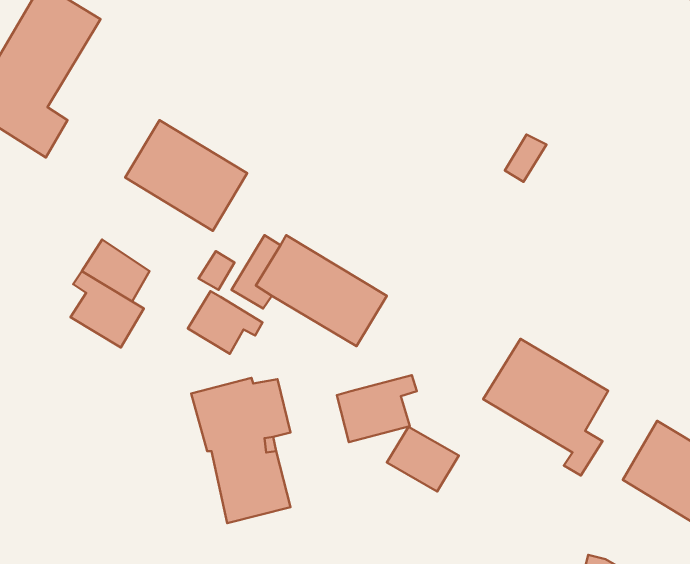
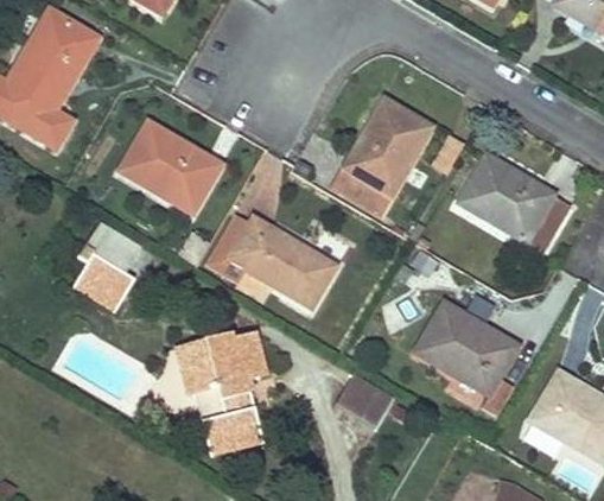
building: none -> [332,97,433,213]
building: none -> [459,153,570,251]
building: [188,291,262,354] -> none
building: [337,375,417,442] -> none

